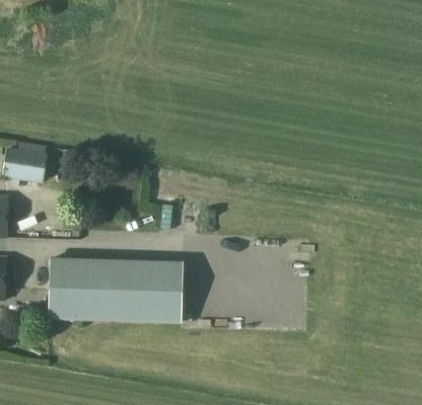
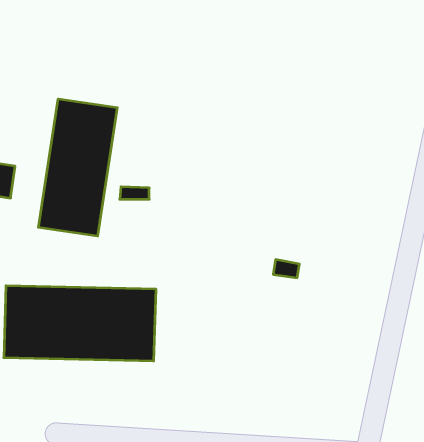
building: none -> [38,99,117,236]

